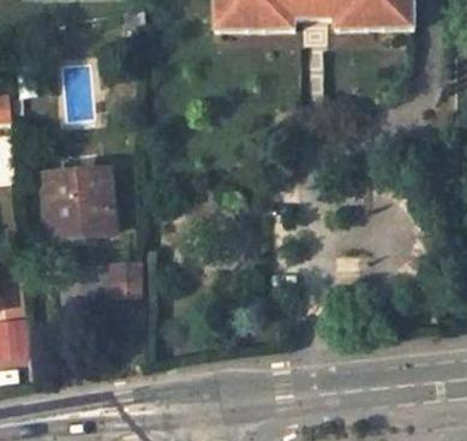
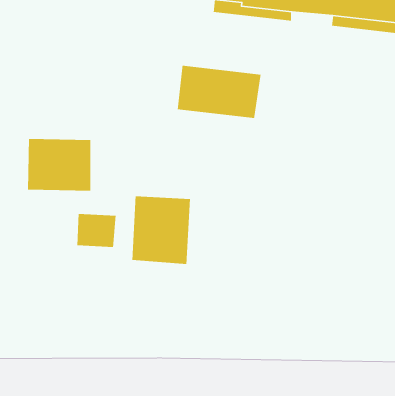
building: none -> [177,65,261,119]
building: none -> [131,196,191,265]

